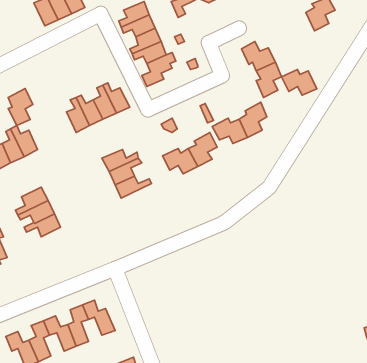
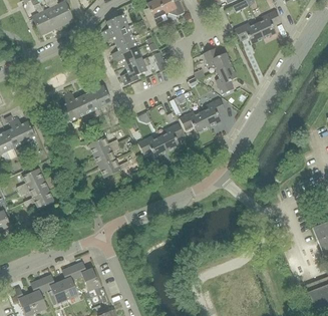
building: [282,70,317,95] -> [235,22,264,43]
building: [8,89,33,125] -> none

